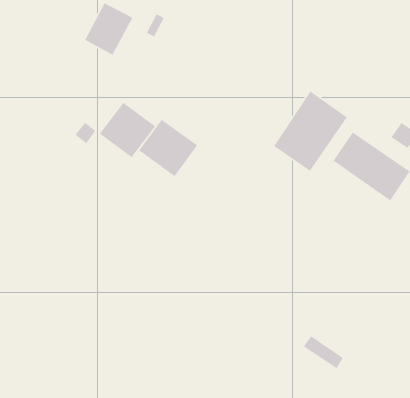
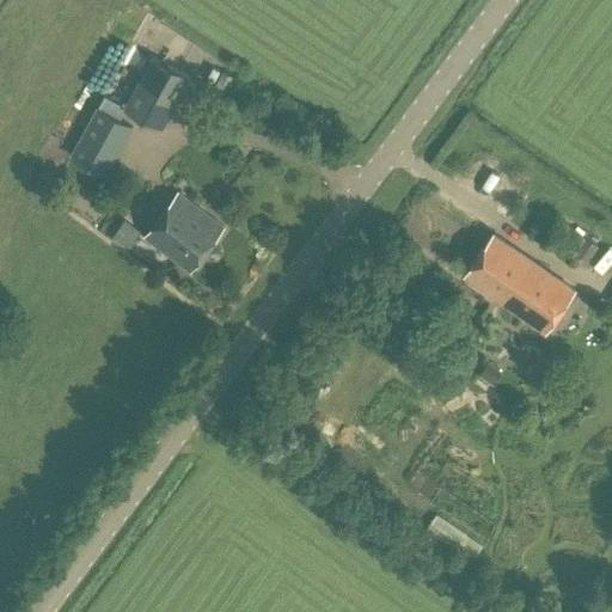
building: none -> [71,100,134,179]
building: [273,91,348,172] -> none
building: [138,119,198,177] -> none

